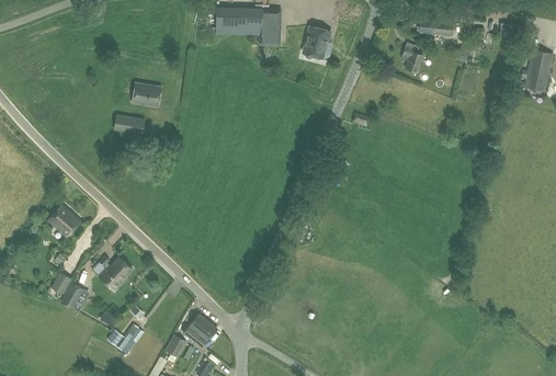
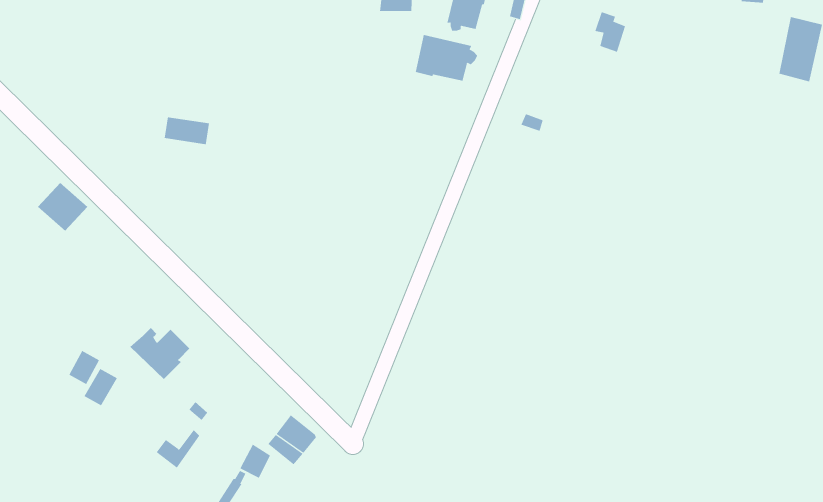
building: none -> [415,34,478,81]
building: [132,82,161,106] -> none
building: [47,204,81,237] -> [37,182,88,231]

